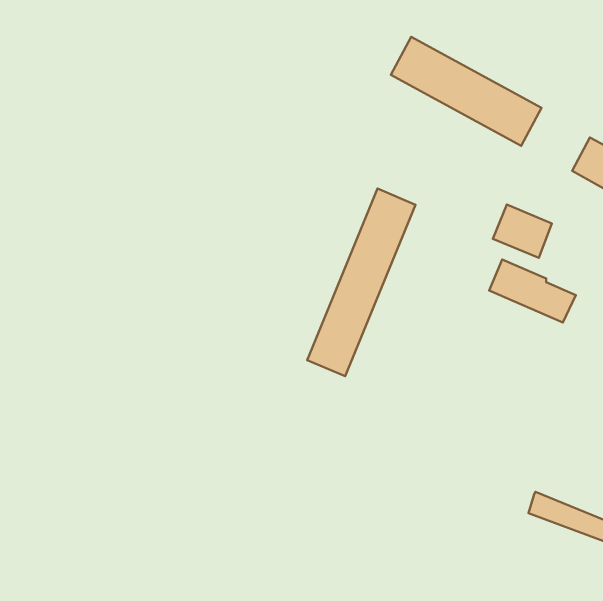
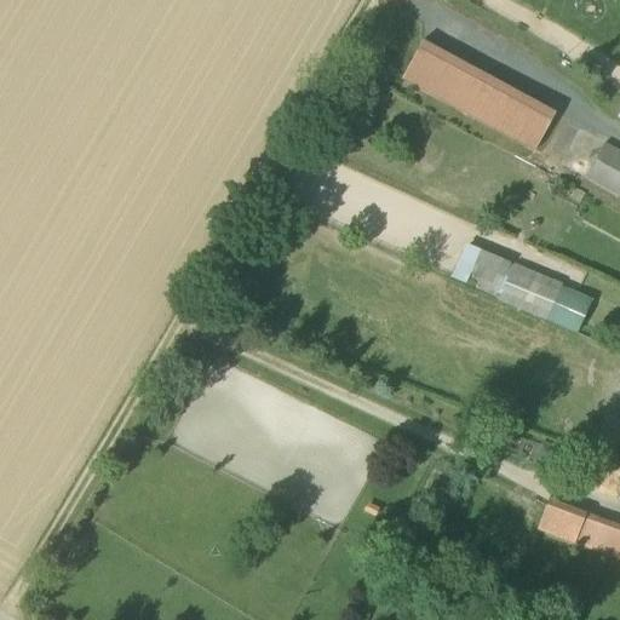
building: [307,189,415,376] -> none
building: [493,204,552,258] -> [454,239,515,293]

